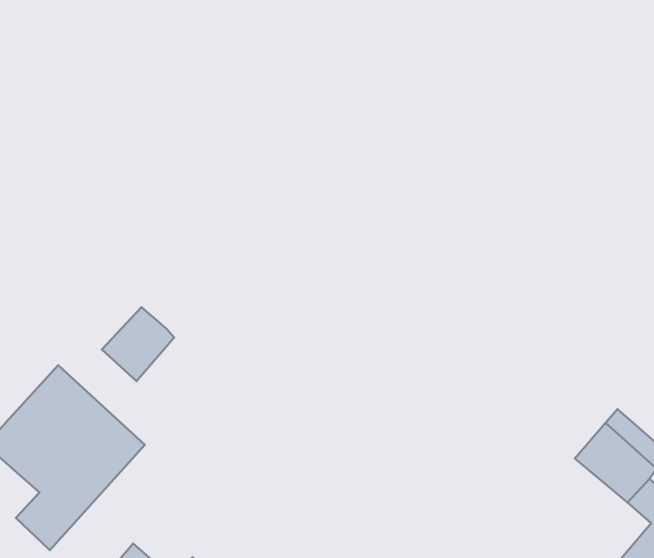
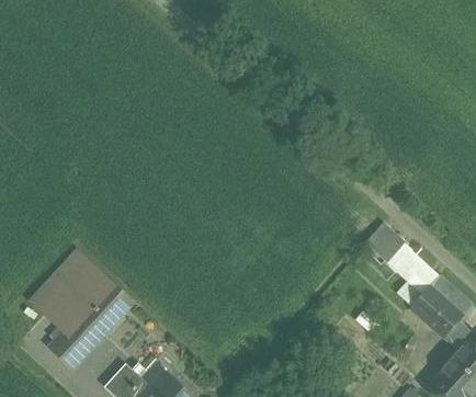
building: [102,307,174,381] -> none
building: none -> [364,229,432,291]

